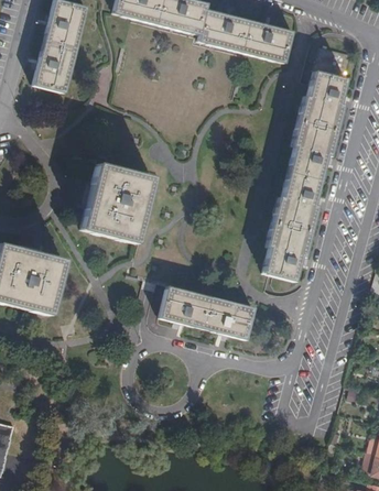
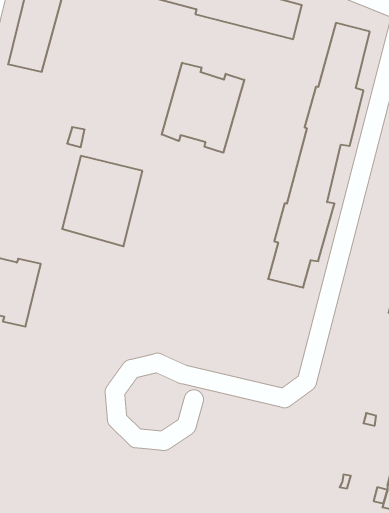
building: none -> [162,63,244,153]
building: [159,287,253,340] -> none

